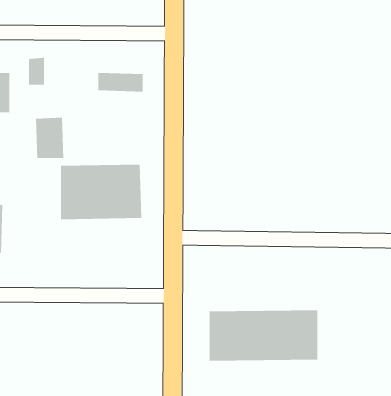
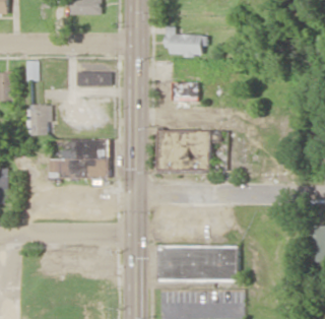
building: none -> [167,27,207,56]
building: none -> [173,82,198,102]

